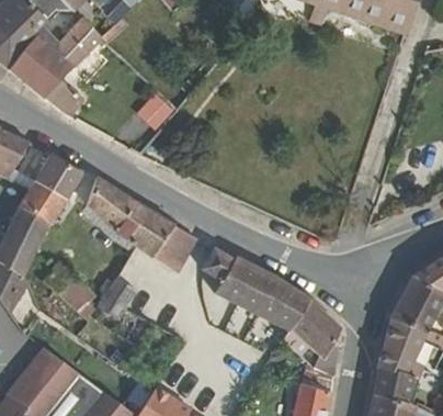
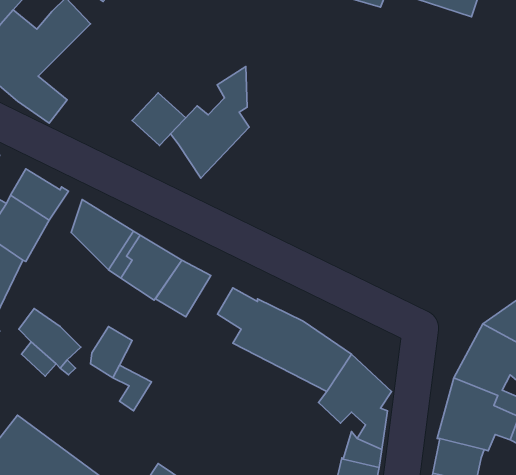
building: none -> [171,66,249,178]

